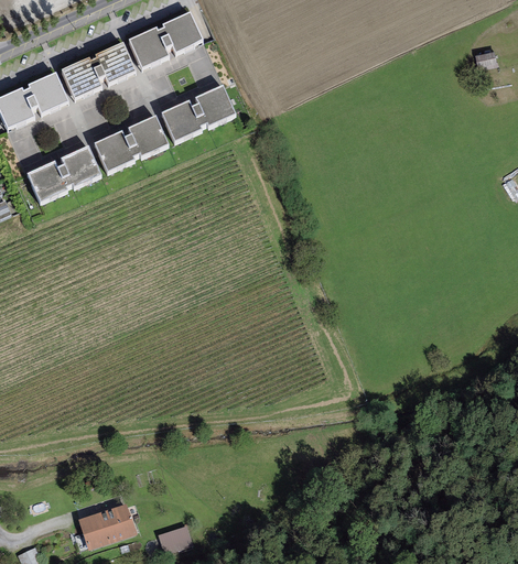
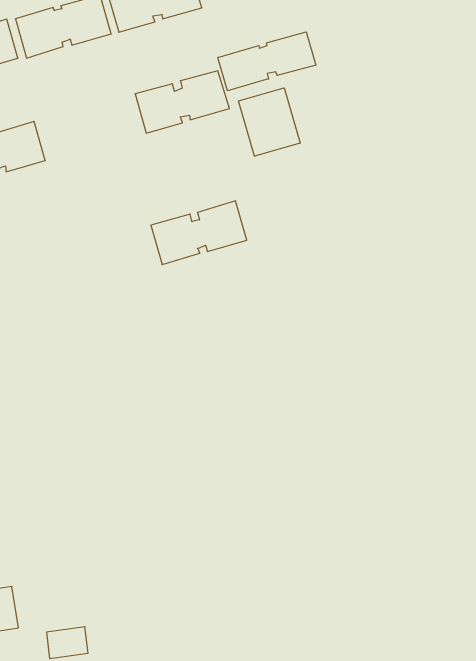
building: none -> [218,32,316,91]
building: none -> [239,88,300,156]
building: [93,115,168,172] -> [151,201,247,265]

